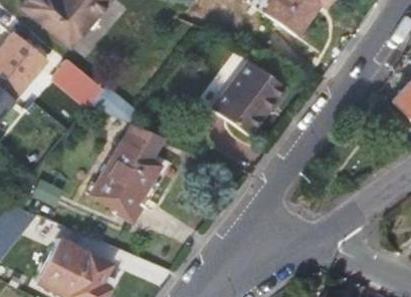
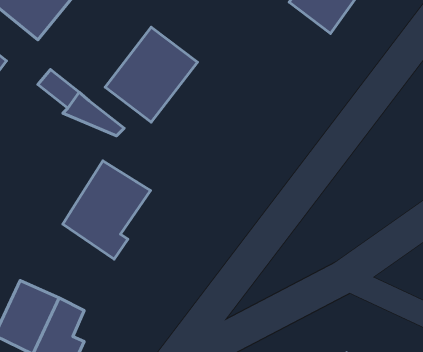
building: [211,58,285,134] -> [105,27,198,122]
building: [121,123,163,160] -> none

